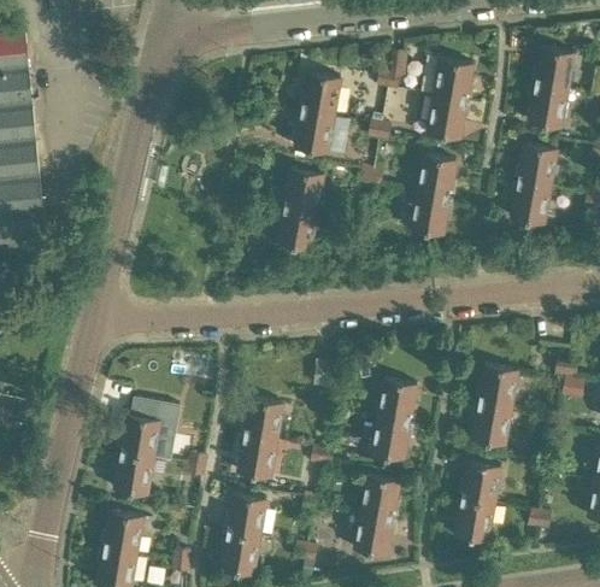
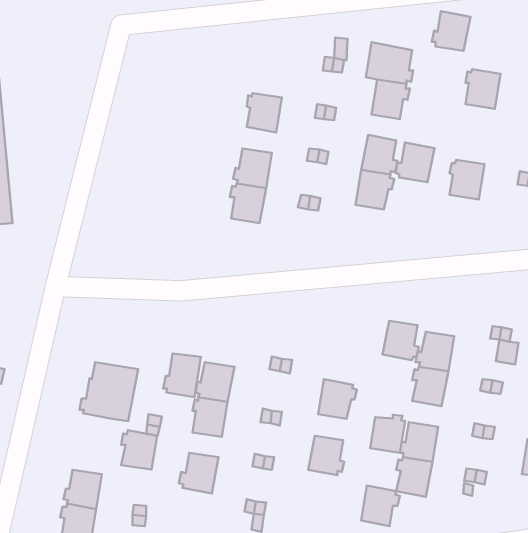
building: [533,49,573,92] -> [432,11,470,51]
building: [299,75,340,117] -> none
building: [516,146,557,188] -> [396,143,434,182]
building: [378,381,417,423] -> [383,321,419,360]
building: none -> [163,354,201,397]
building: [114,453,153,495] -> [121,430,157,470]
building: none -> [370,415,405,453]
building: [355,513,396,557] -> [361,486,400,526]
building: [222,533,259,575] -> none

